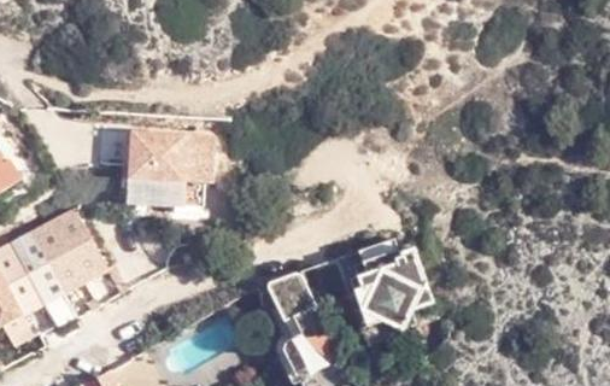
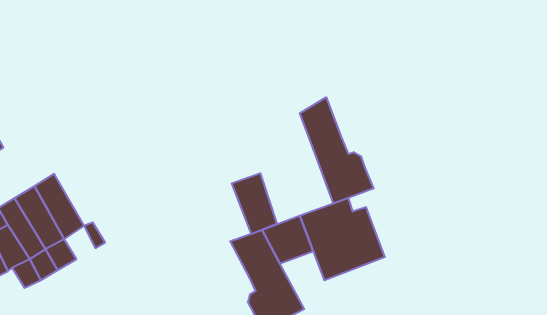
building: none -> [300,97,374,204]
building: [122,128,211,205] -> none
building: none -> [232,173,277,234]

